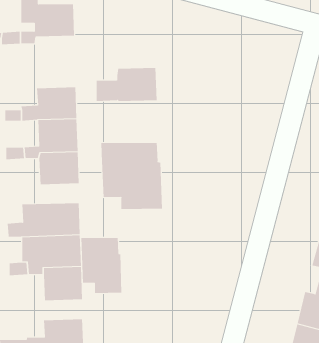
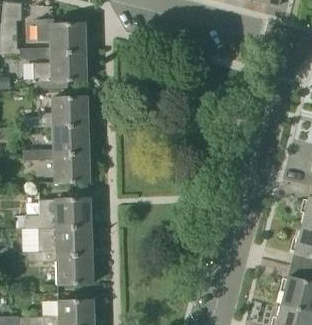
building: [96,67,157,102] -> [32,52,86,82]
building: [101,142,162,210] -> none
building: [81,237,122,294] -> none

